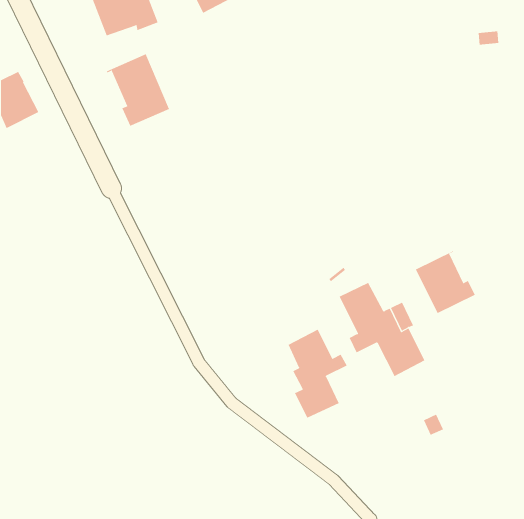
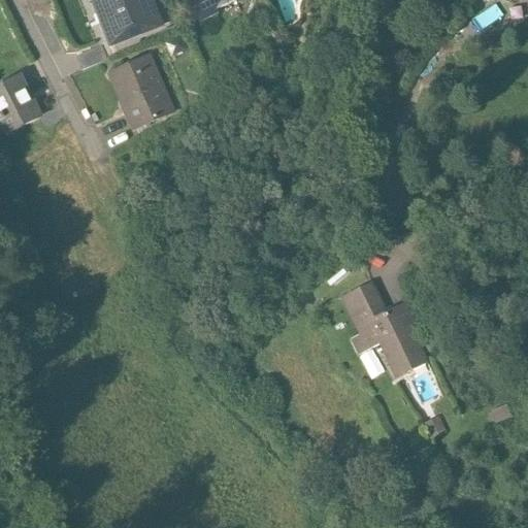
building: [415,250,476,314] -> none
building: [288,329,347,419] -> none

